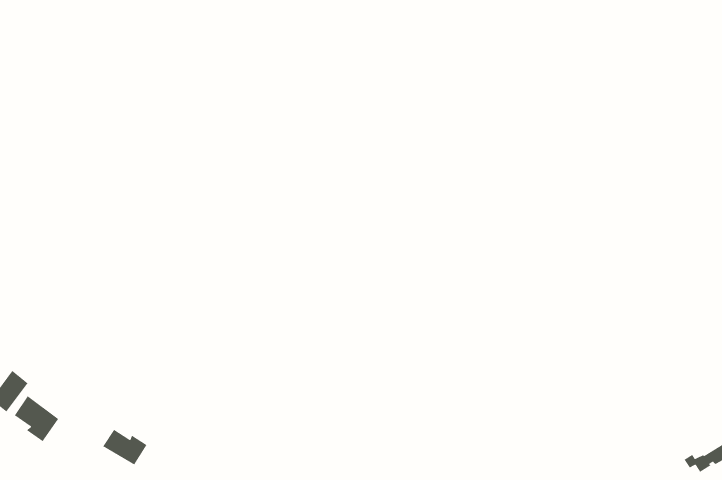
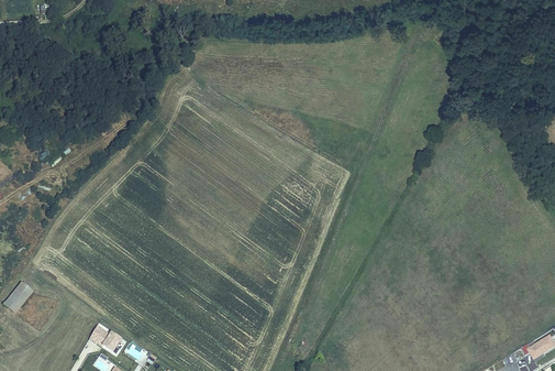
building: [14,395,59,442] -> none

